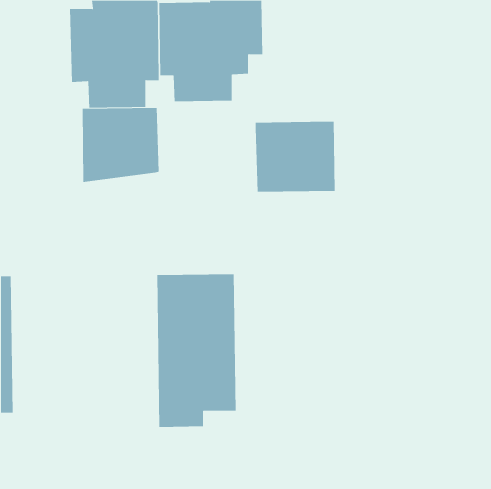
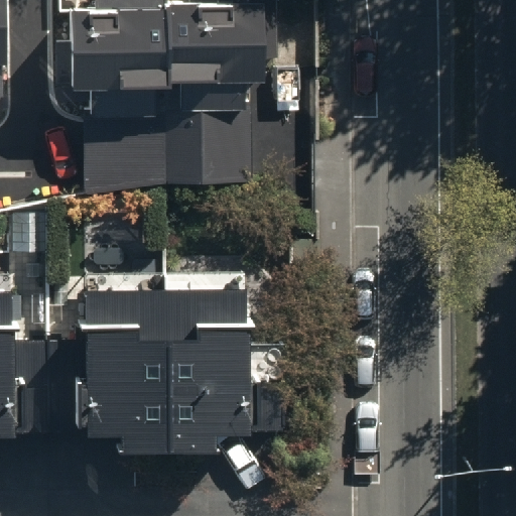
building: [255,121,336,192] -> [165,108,250,182]
building: none -> [86,290,166,450]

